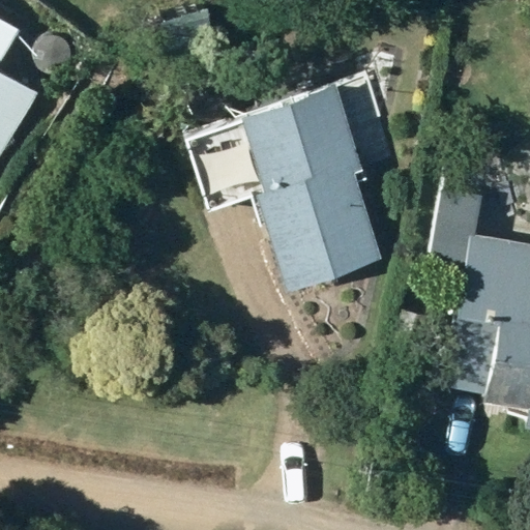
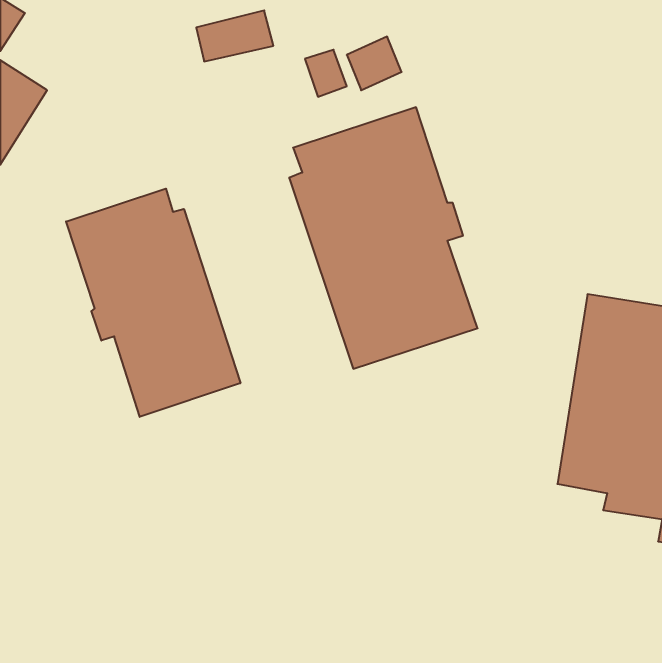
building: none -> [66,189,240,417]

